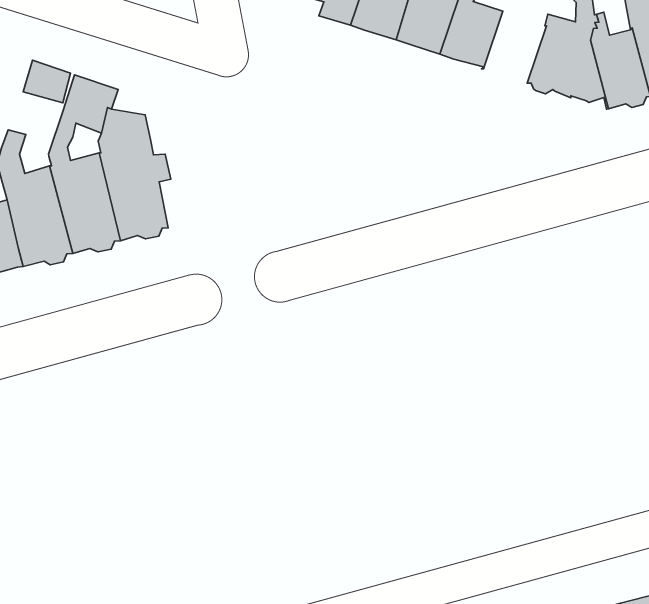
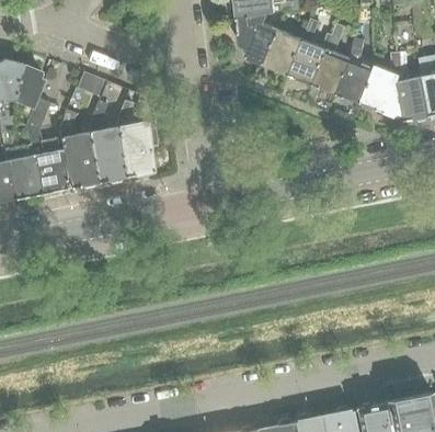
building: none -> [336,61,374,103]

